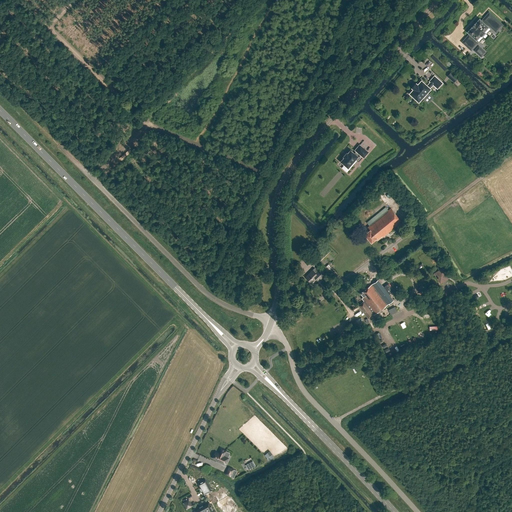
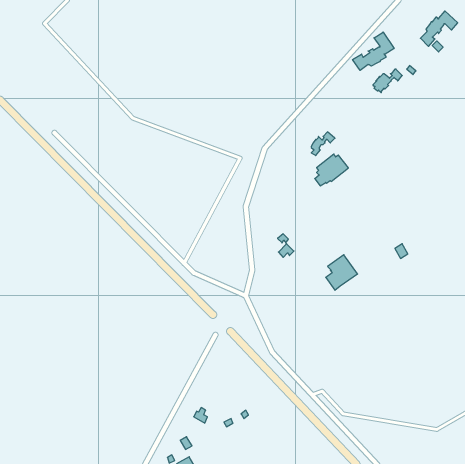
building: none -> [353,32,394,70]
building: [365,208,402,243] -> [315,154,348,186]

